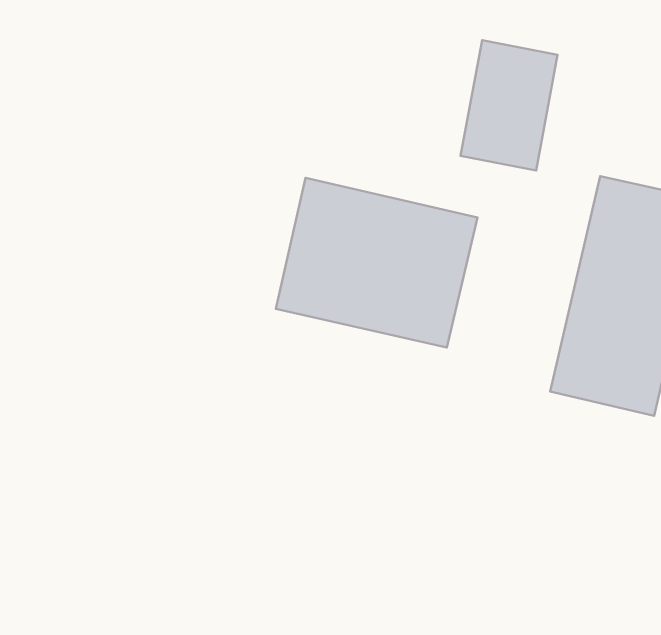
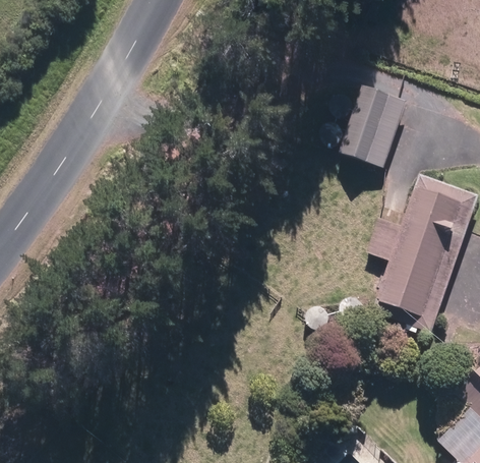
building: [276,178,477,347] -> none

